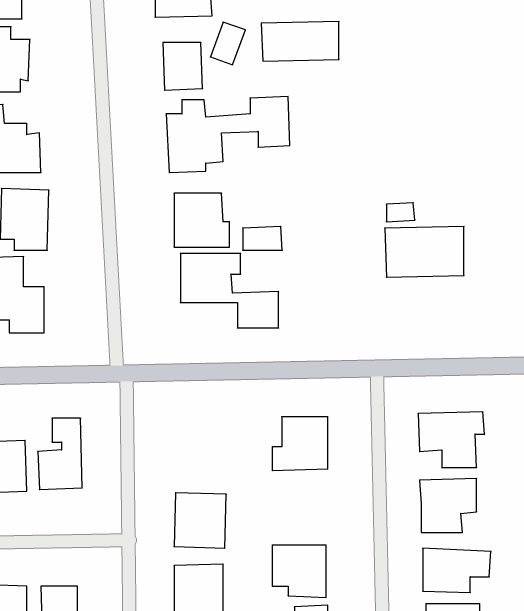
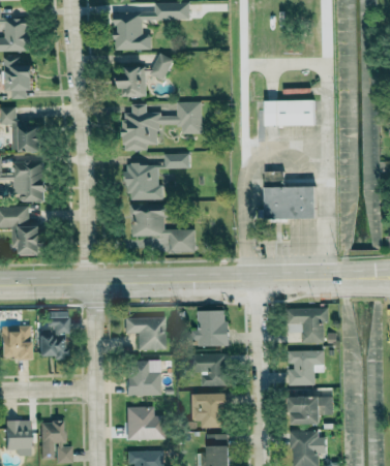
building: [261,21,339,61] -> [264,99,314,125]
building: [243,226,282,250] -> [163,153,189,168]
building: none -> [124,316,164,350]
building: none -> [189,353,226,386]

